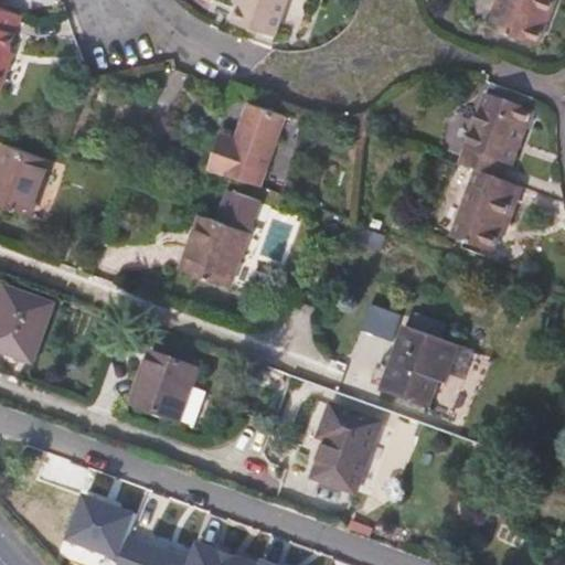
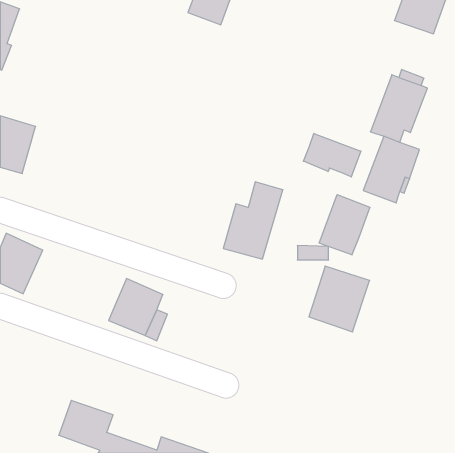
building: [204,102,279,183] -> none
building: none -> [303,133,361,177]
building: [179,193,253,289] -> [223,182,283,259]
building: none -> [319,195,370,255]
building: [313,406,381,494] -> none

